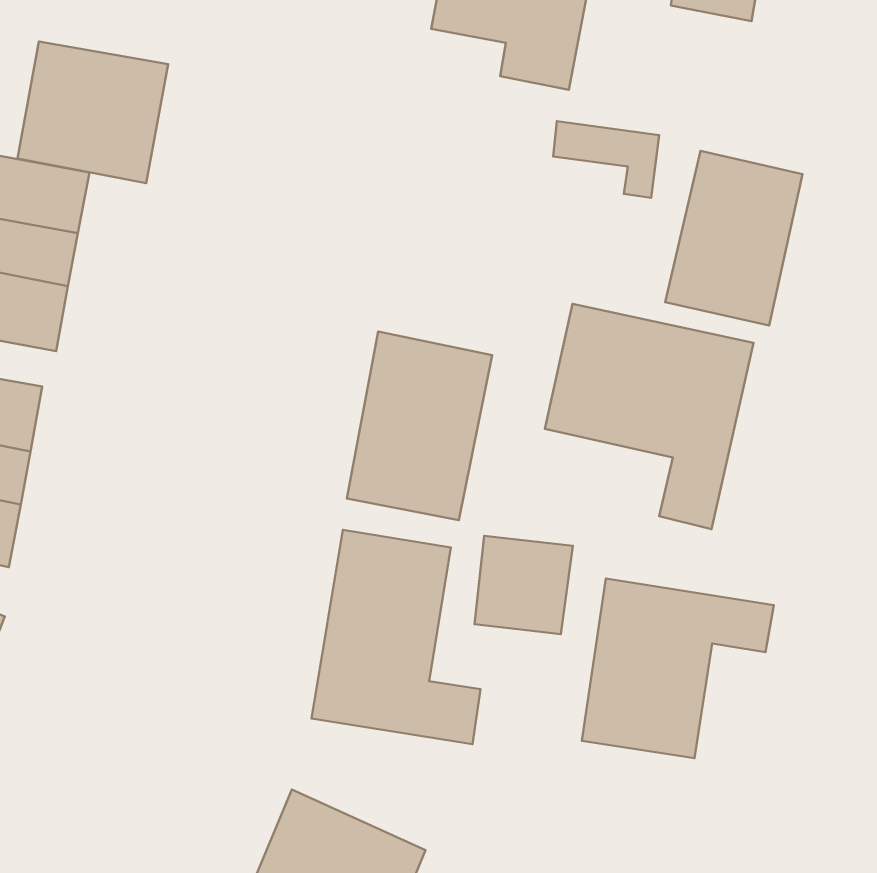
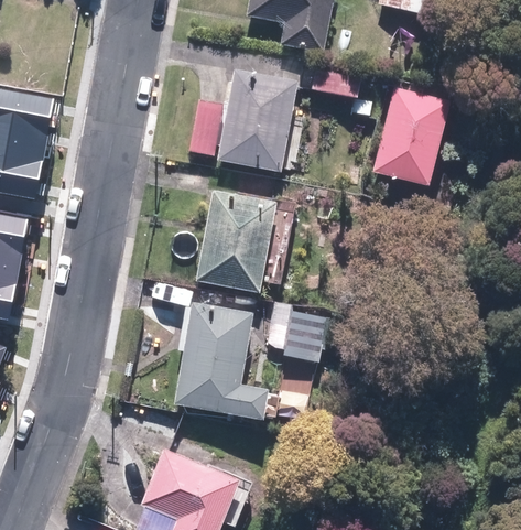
building: [18,42,168,183] -> none
building: none -> [189,68,300,172]
building: [545,304,754,529] -> none
building: [582,579,774,758] -> none

